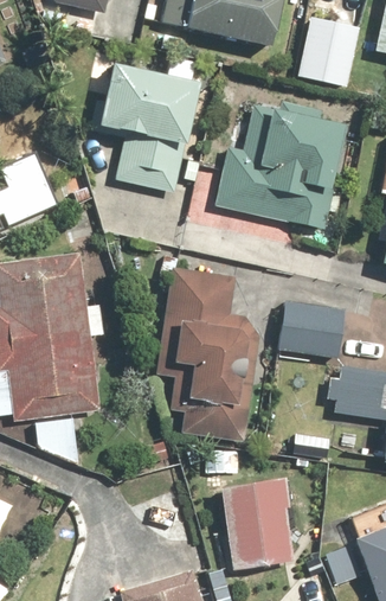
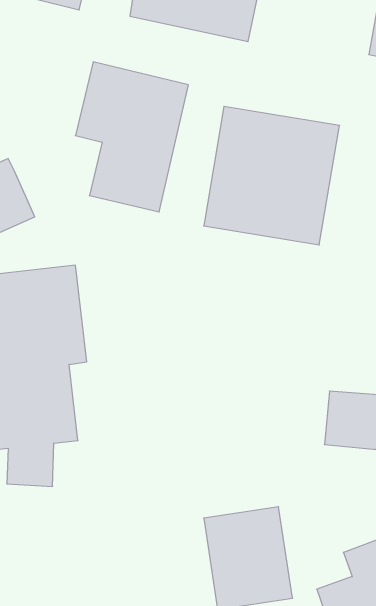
building: [292,15,362,89] -> none
building: [161,261,262,441] -> none
building: [276,302,343,358] -> none

